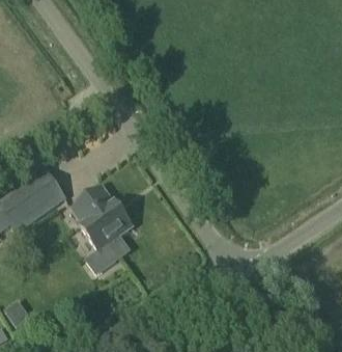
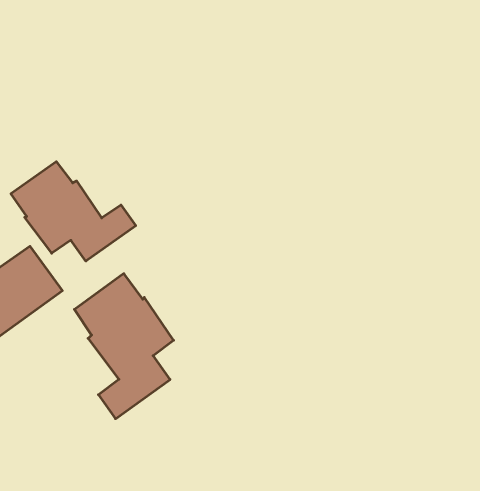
building: none -> [11,162,136,261]

